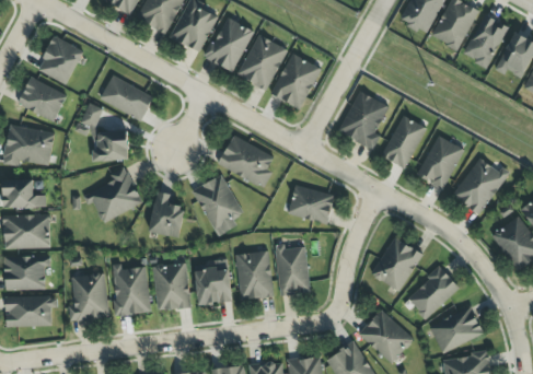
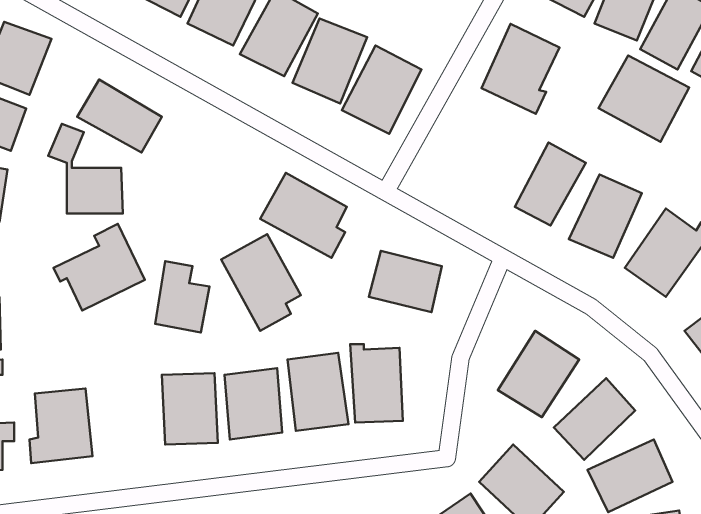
building: none -> [599,55,689,142]
building: [338,91,389,149] -> [482,24,560,114]
building: [112,264,149,316] -> none

